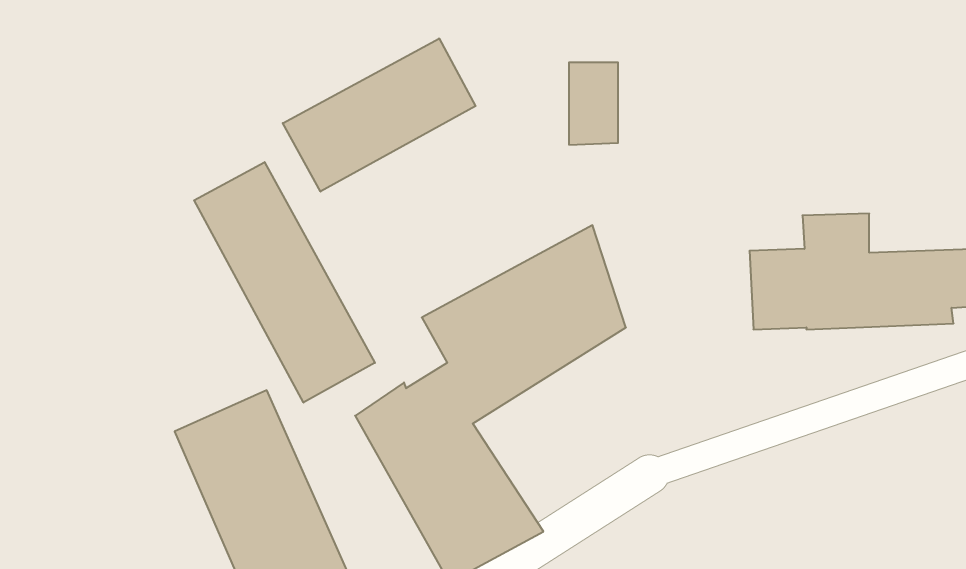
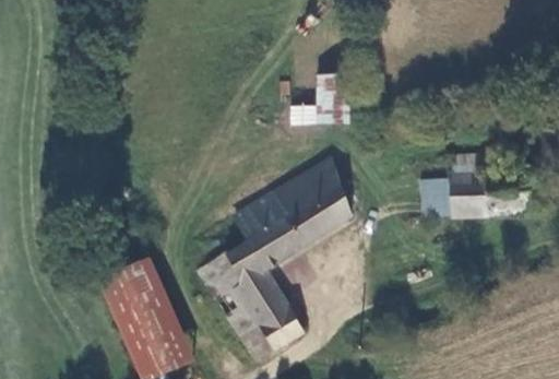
building: [283,38,476,192] -> none
building: [194,162,375,403] -> none

